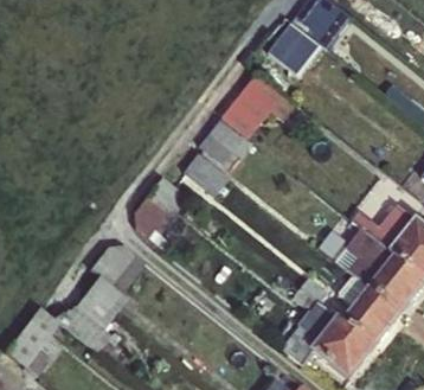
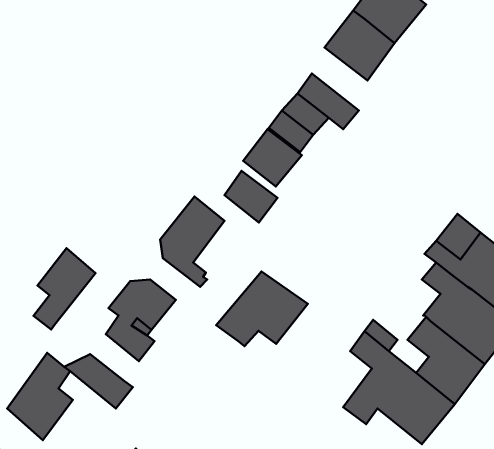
building: none -> [33,248,96,330]
building: none -> [216,271,308,346]

